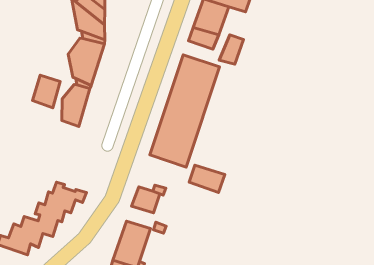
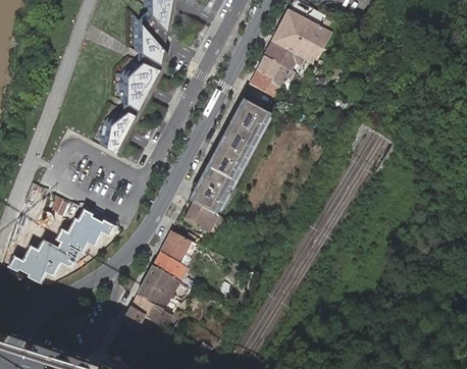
building: [219,35,244,64] -> none
building: [33,75,60,108] -> none
building: [189,165,225,193] -> [184,199,223,232]
building: none -> [153,248,186,275]

